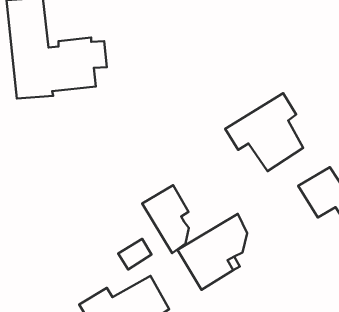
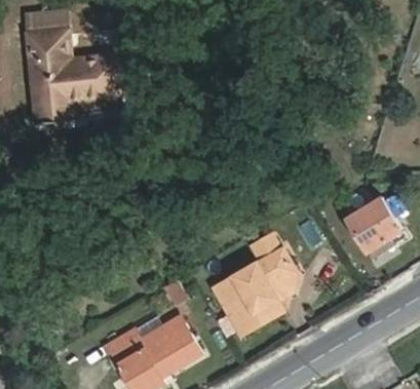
building: [225,93,303,171] -> none
building: [142,185,189,253] -> none

